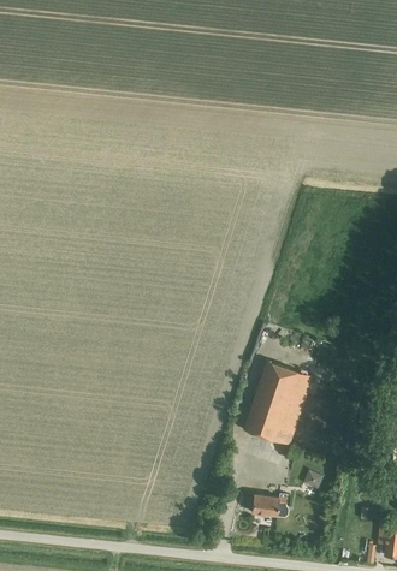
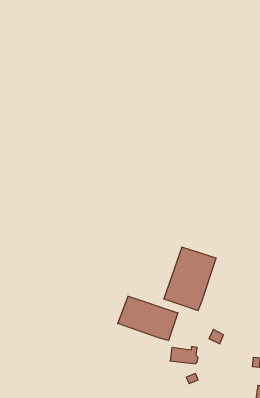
building: none -> [118,296,178,341]

